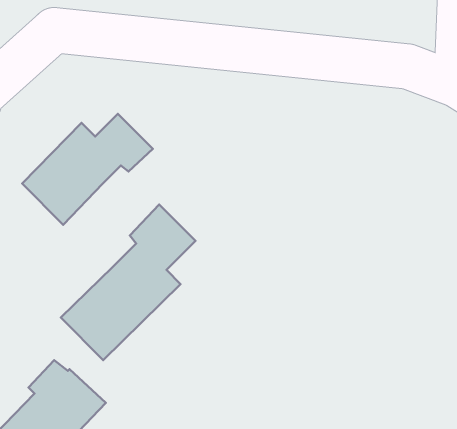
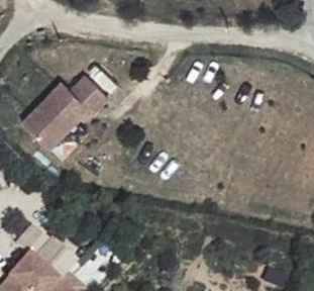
building: [61,205,195,360] -> none

